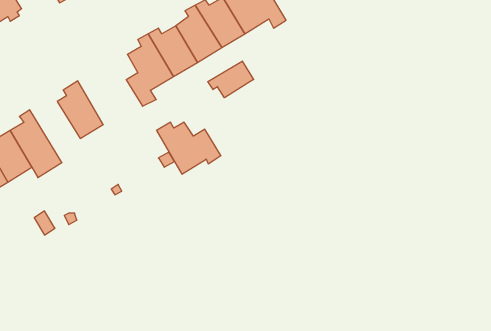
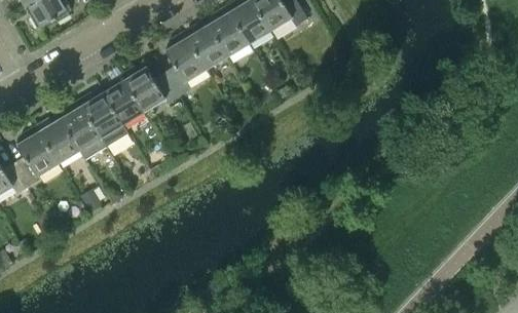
building: [208,61,254,98] -> none
building: none -> [77,92,127,147]
building: [157,122,221,174] -> [120,67,178,113]

